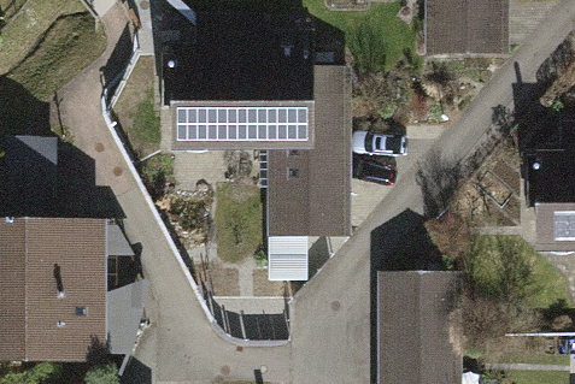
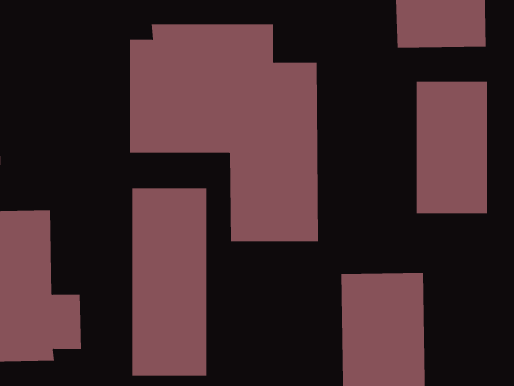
building: none -> [416,81,488,214]
building: none -> [132,188,207,377]

